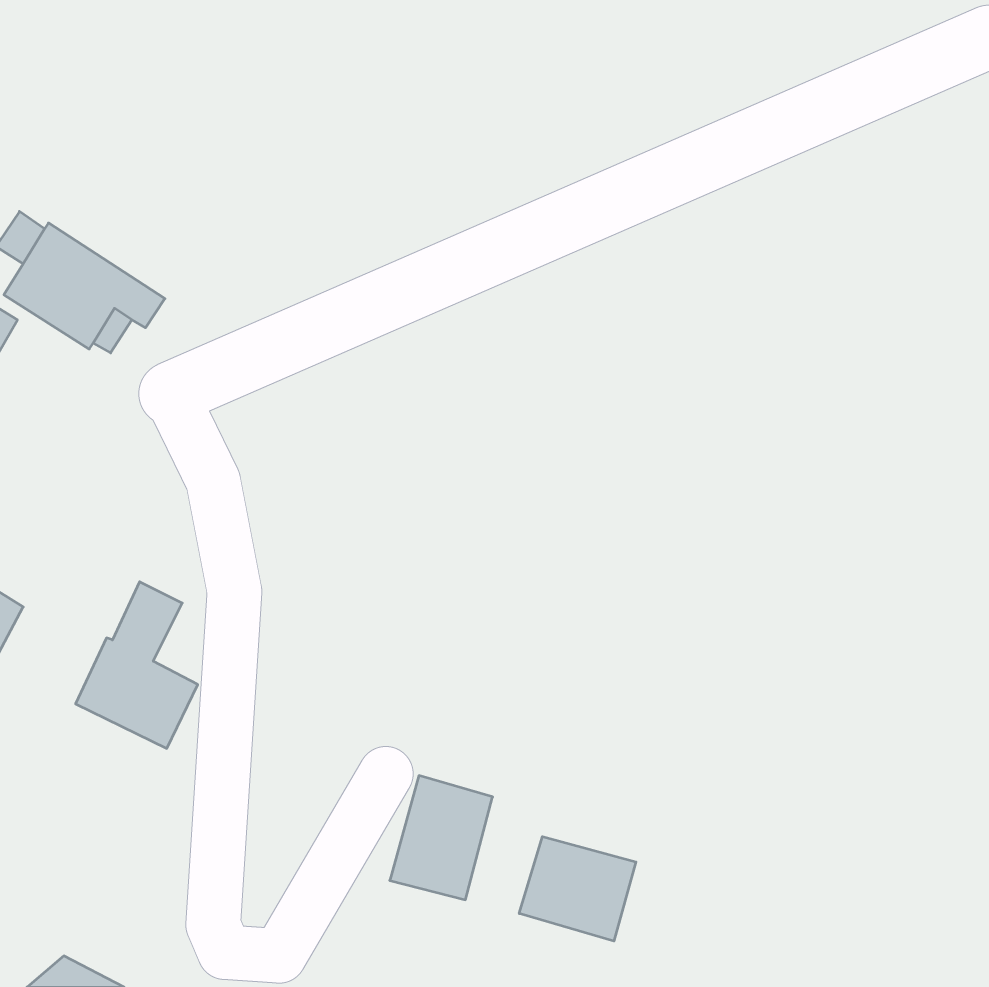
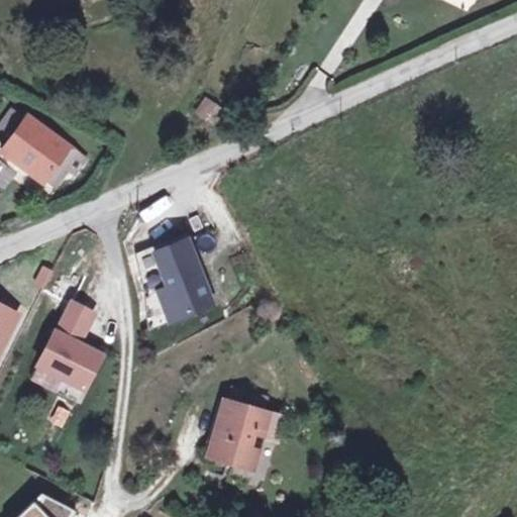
building: none -> [158,239,215,320]
building: [519,837,636,941] -> none

